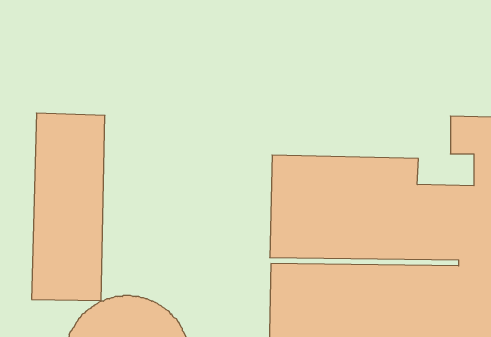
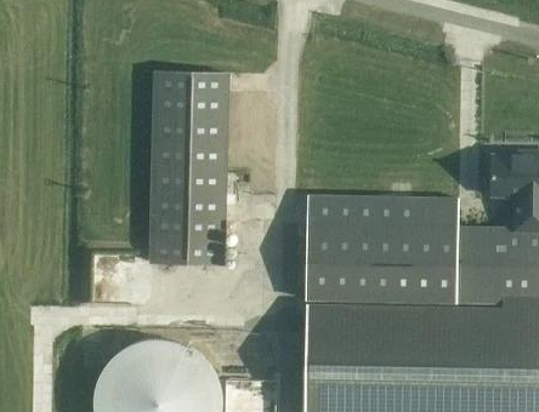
building: [32,113,105,301] -> [151,70,226,263]

